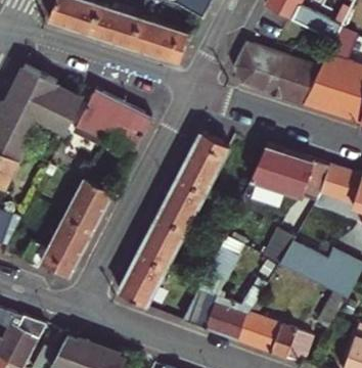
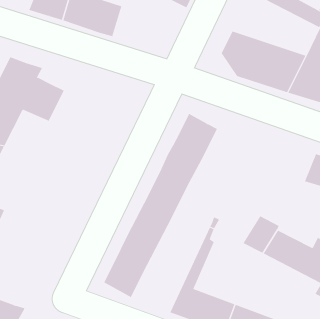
building: [129,19,188,66] -> none
building: [79,92,151,155] -> none
building: [251,145,330,201] -> none
building: [26,178,117,275] -> none

